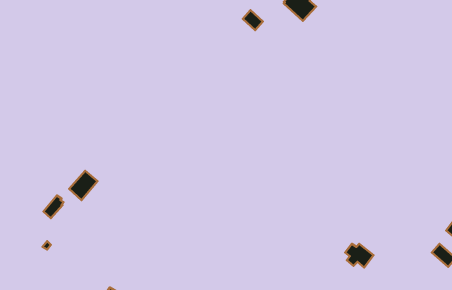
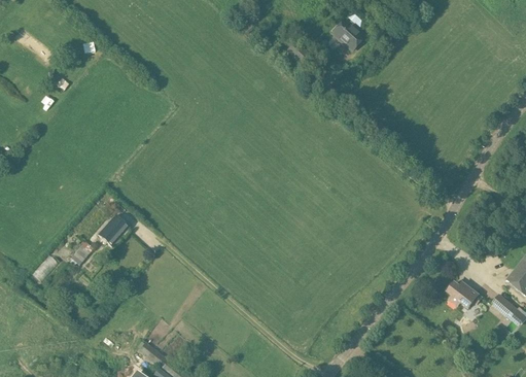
building: [345,244,374,268] -> [448,282,479,308]

